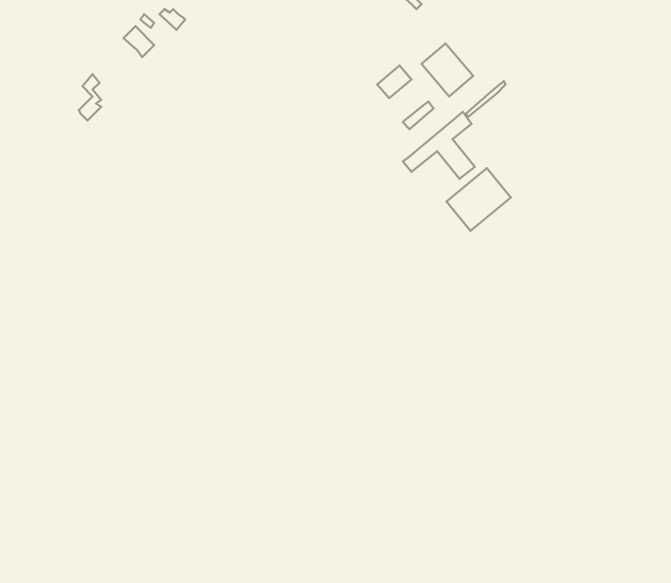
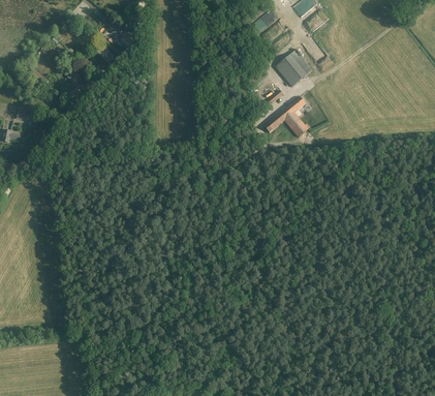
building: [447,168,511,231] -> none

